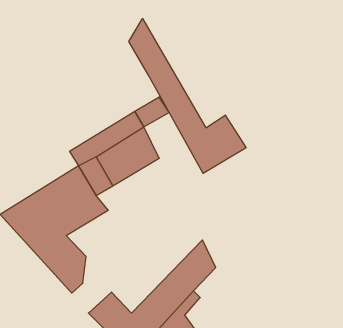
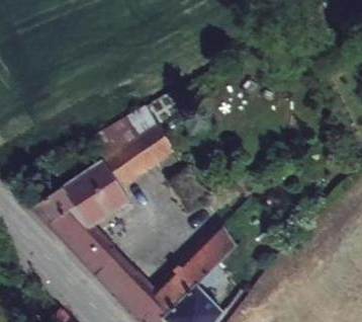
building: [129,19,246,173] -> none
building: none -> [90,235,126,287]

